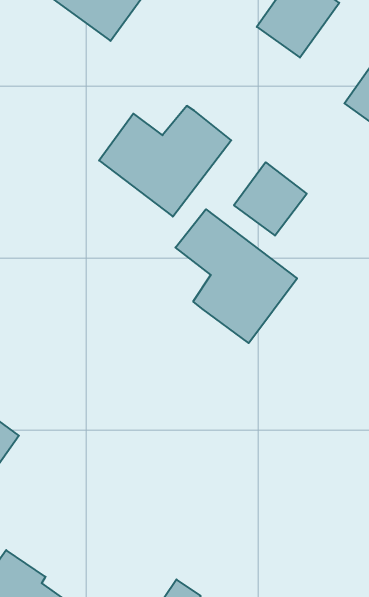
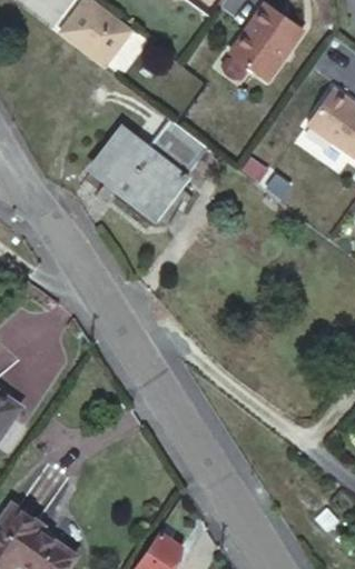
building: [234,162,307,236] -> none
building: [175,209,297,343] -> none

